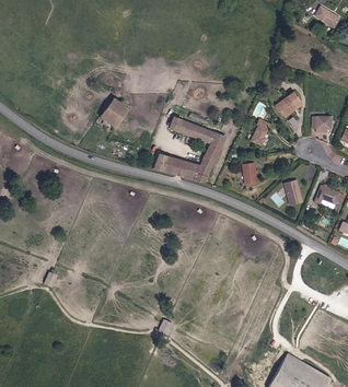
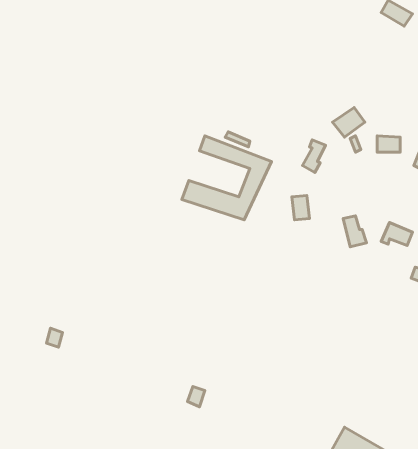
building: [100,98,129,128] -> none

